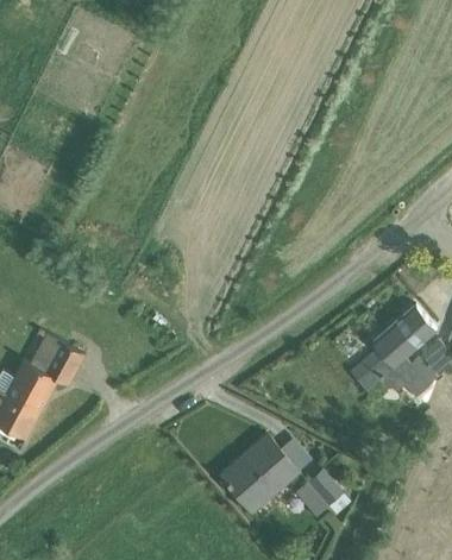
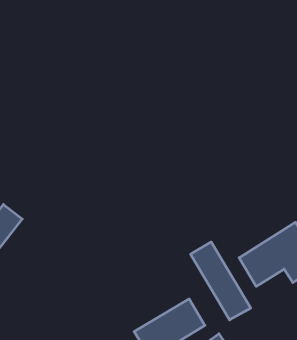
building: none -> [191,242,251,320]

